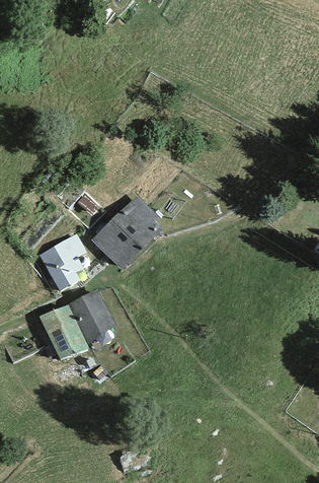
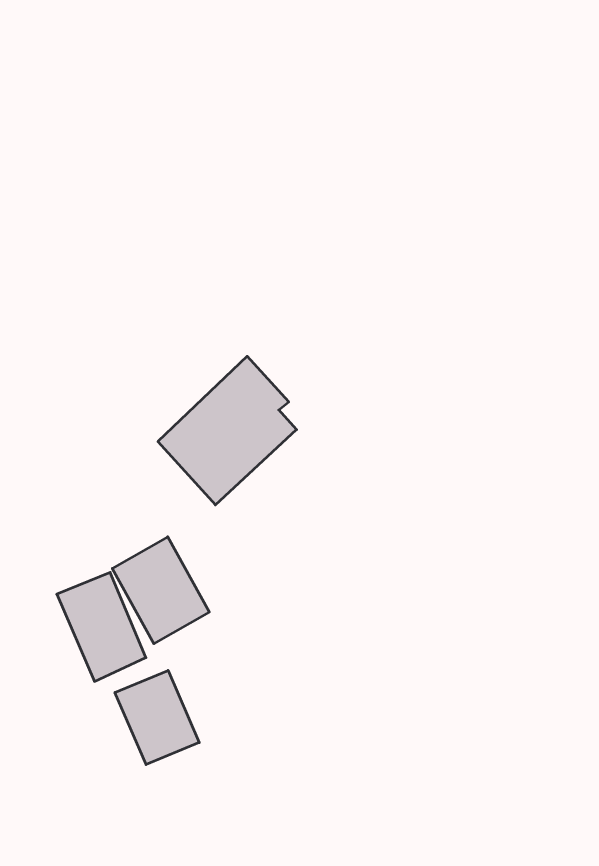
building: [36,232,85,292] -> none
building: none -> [115,670,199,765]

